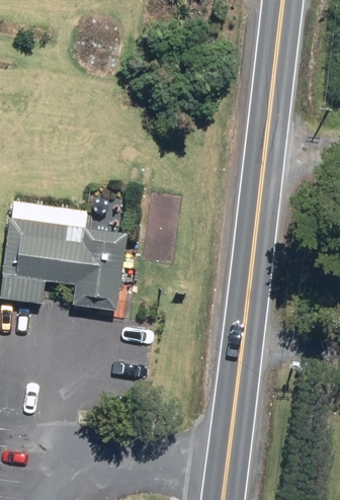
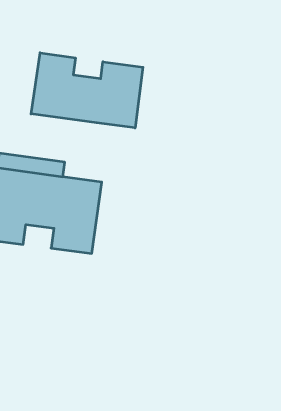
building: none -> [31,53,143,128]

